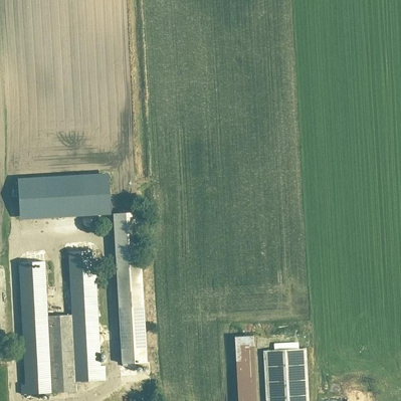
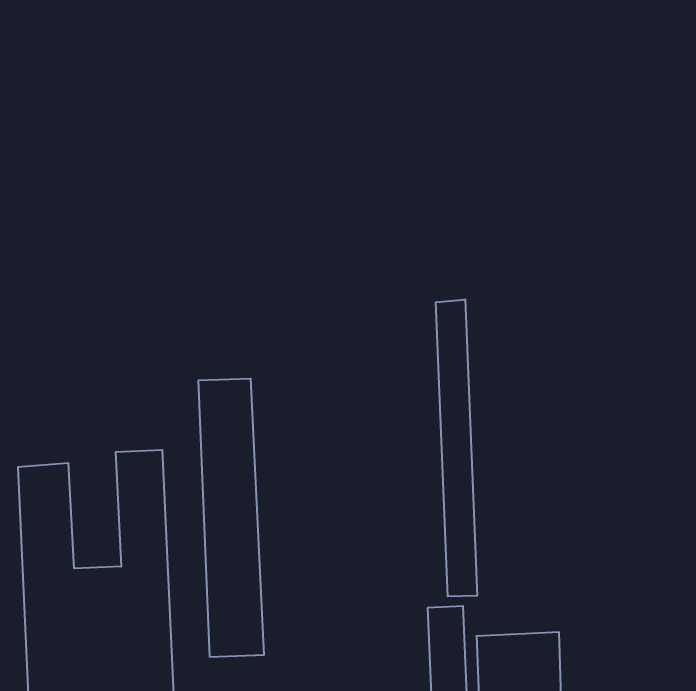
building: none -> [436,299,477,596]
building: [13,178,106,217] -> none

